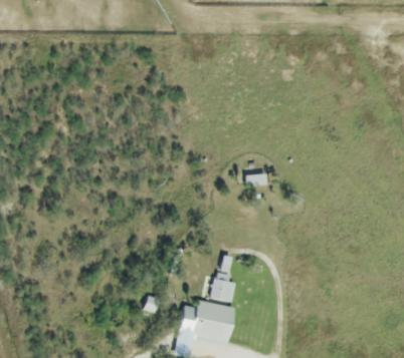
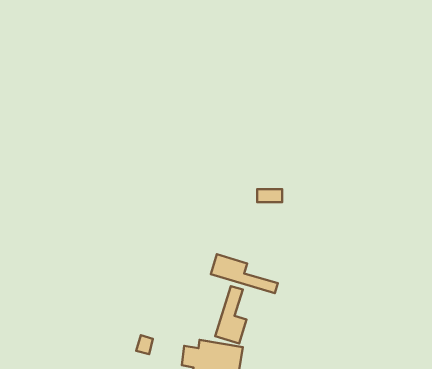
building: none -> [211,254,278,293]

